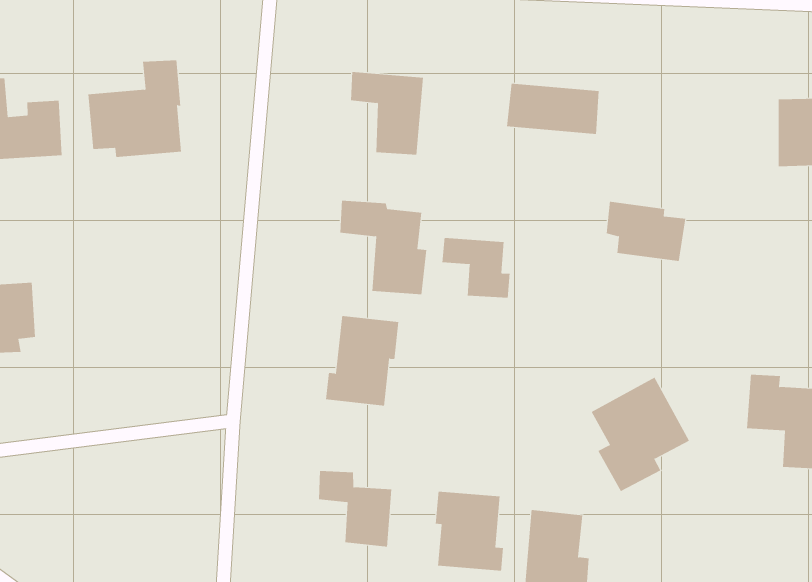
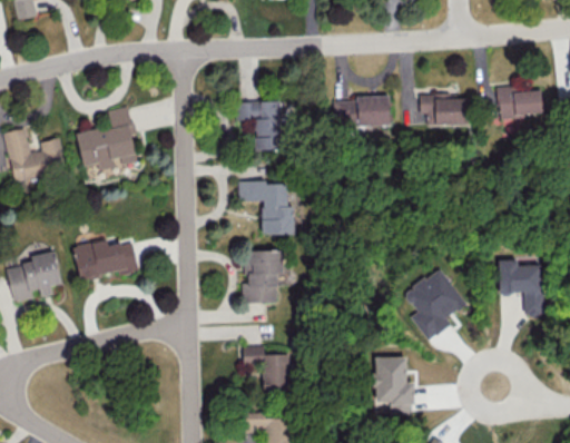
building: [606,201,686,262] -> [420,92,468,125]
building: [442,237,510,298] -> none
building: none -> [73,238,139,279]
building: [435,491,504,572] -> none

